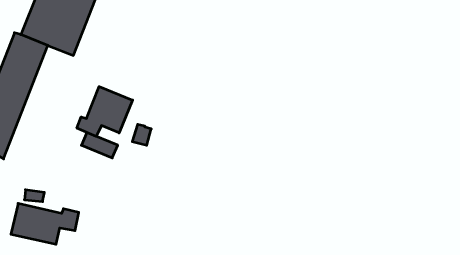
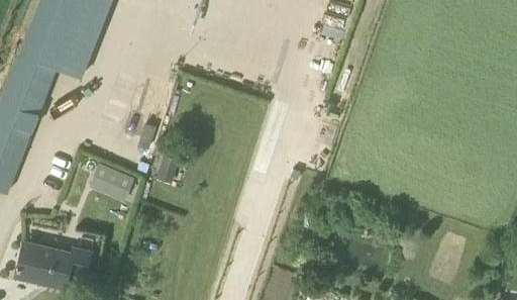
building: [77,87,133,136] -> none

